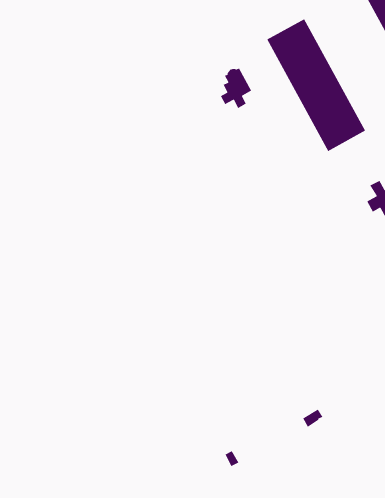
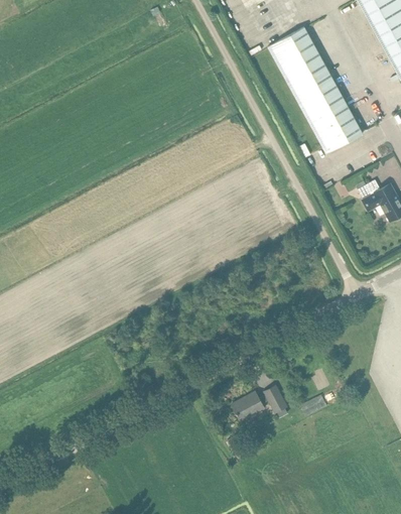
building: [220,67,252,109] -> none
building: none -> [231,385,287,419]

